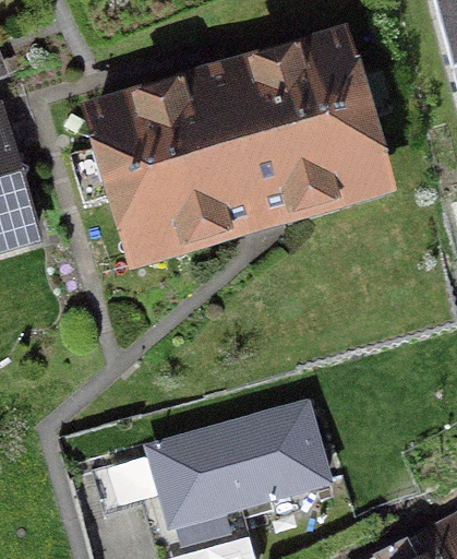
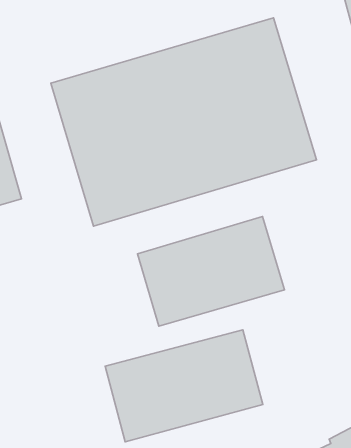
building: none -> [137,216,284,326]

